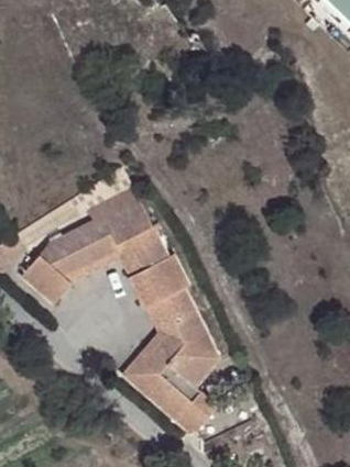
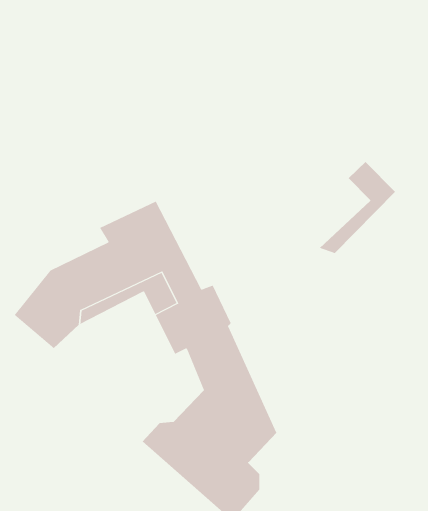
building: none -> [319,161,396,254]

